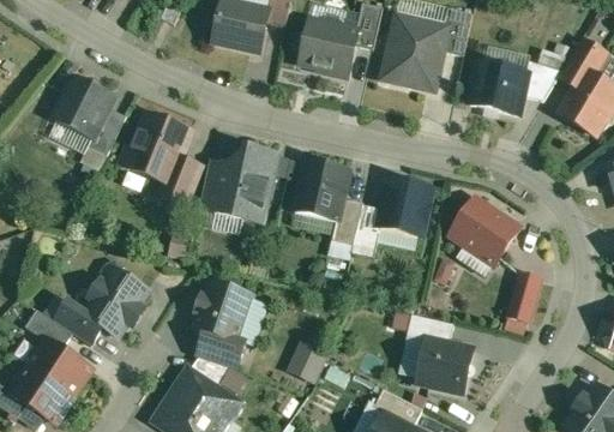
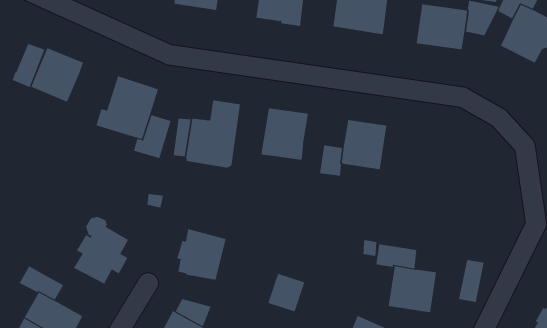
building: [86,107,125,155] -> [12,43,45,88]
building: [331,198,361,244] -> none
building: [450,199,517,274] -> none
building: [507,274,538,320] -> [458,259,485,302]
building: [54,301,102,344] -> none
building: [194,331,245,370] -> none

